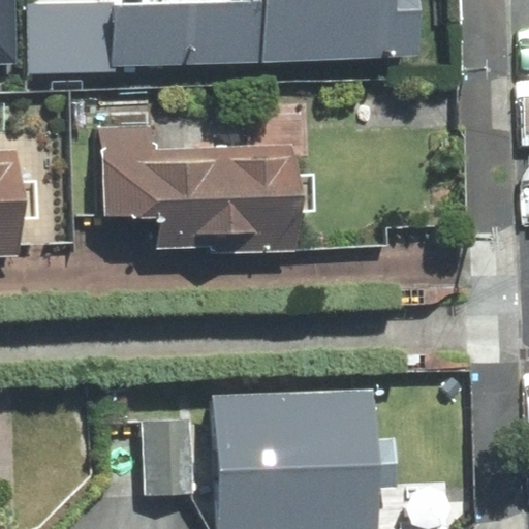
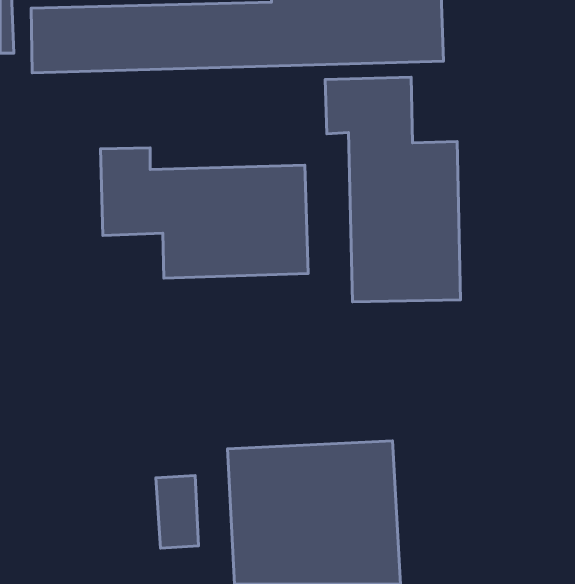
building: none -> [325,77,461,302]

